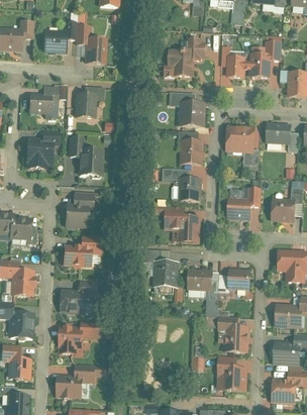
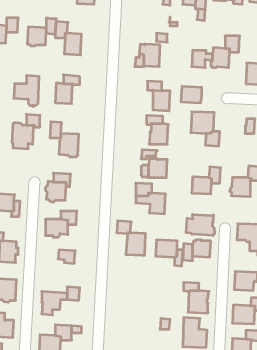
building: [266,124,289,142] -> [181,86,202,103]
building: none -> [186,214,214,236]
building: [61,291,85,312] -> none

